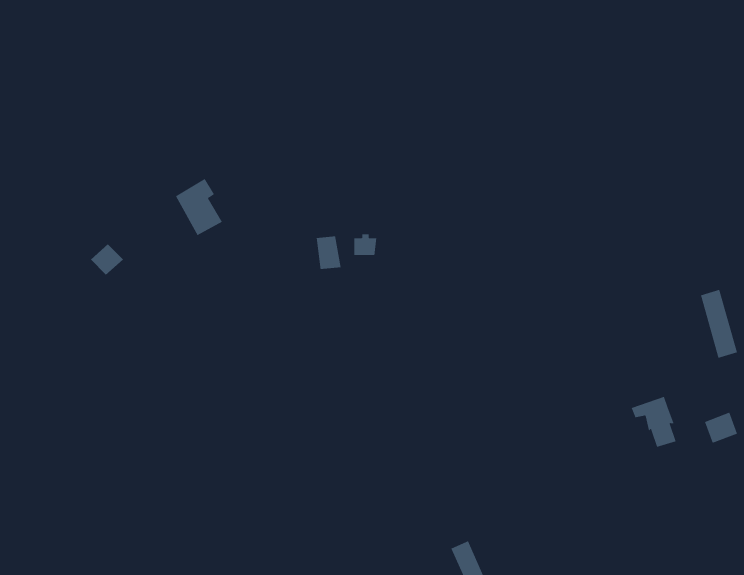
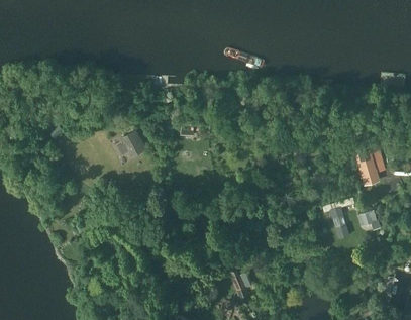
building: [175,178,223,236] -> [122,131,146,161]

